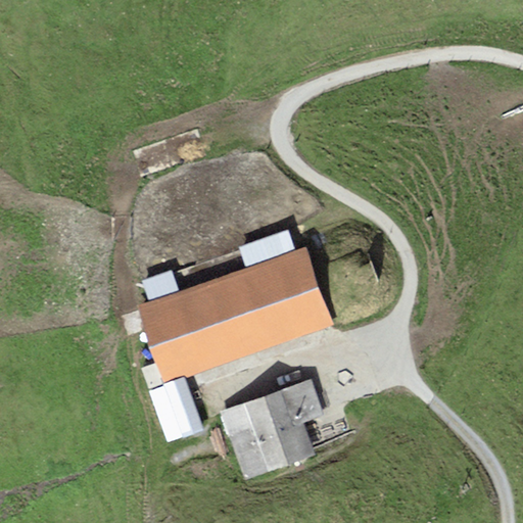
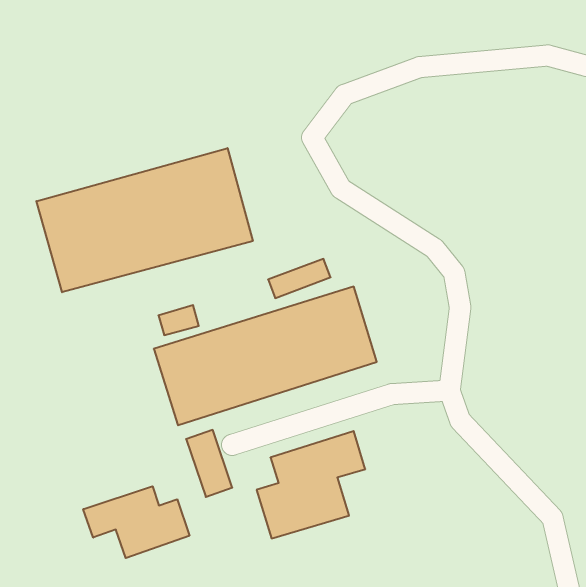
building: none -> [36,148,253,292]
building: none -> [83,486,189,558]

